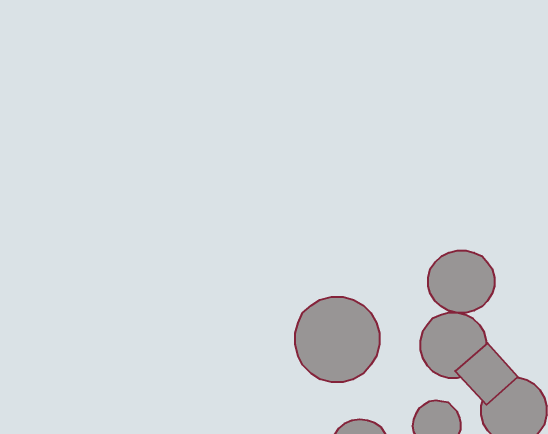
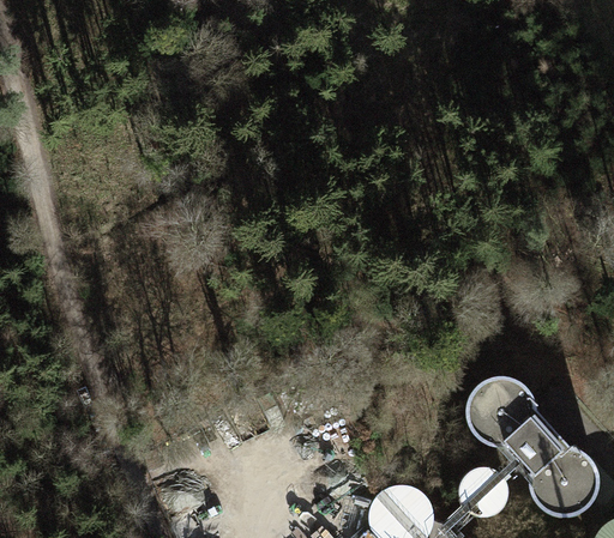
building: [428,251,494,313] -> none
building: [295,297,380,382] -> none

